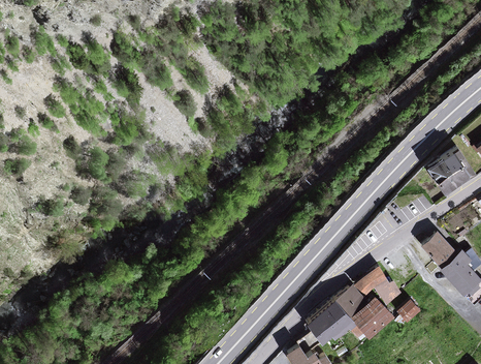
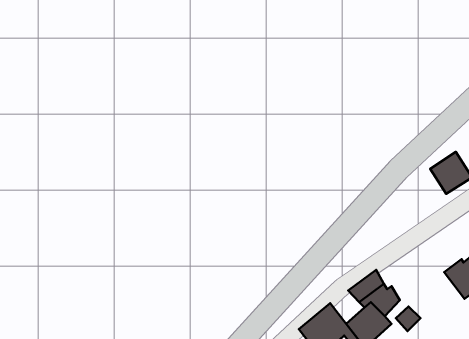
building: [421,232,454,266] -> none
building: [333,284,366,316] -> none

